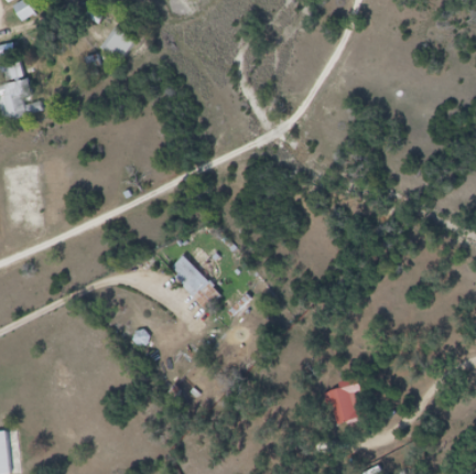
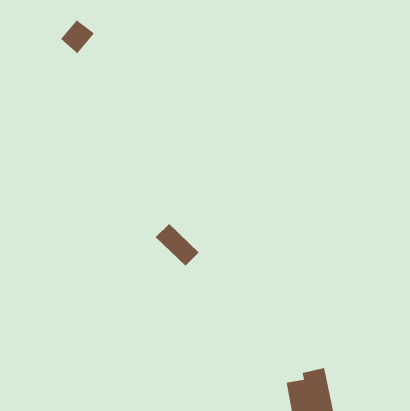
building: [173,260,218,304] -> [155,223,199,267]

